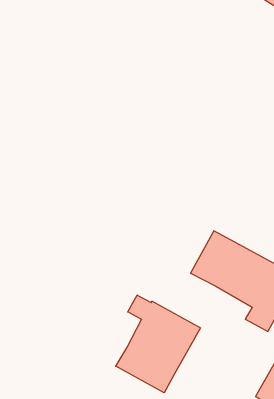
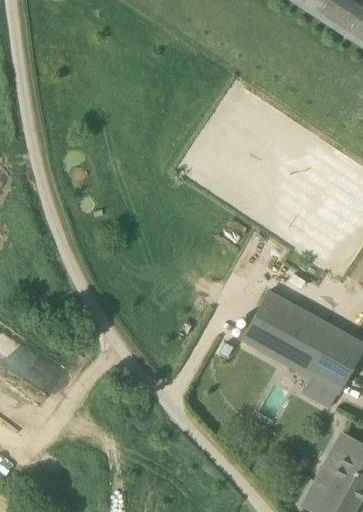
building: [116,295,200,393] -> none

